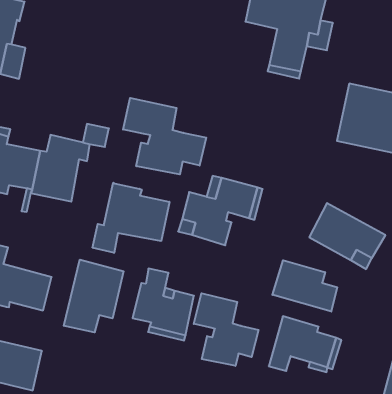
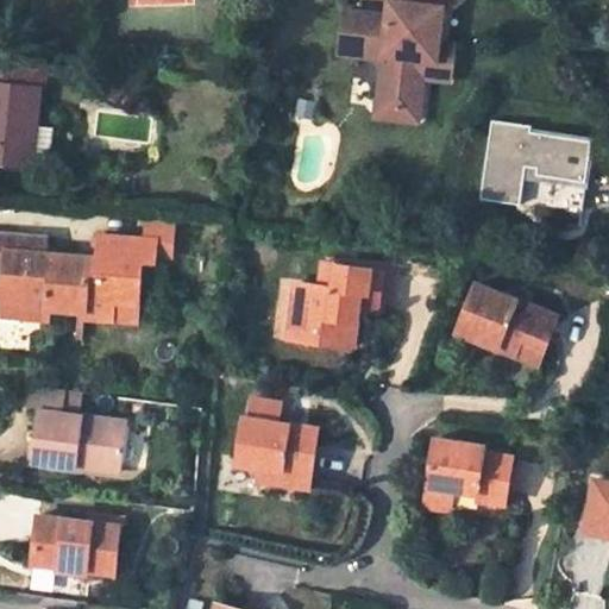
building: [123,98,206,174] -> none
building: [93,183,169,253] -> none
building: [64,260,124,332] -> none
building: [272,260,337,312] -> none
building: [194,293,259,366] -> none

